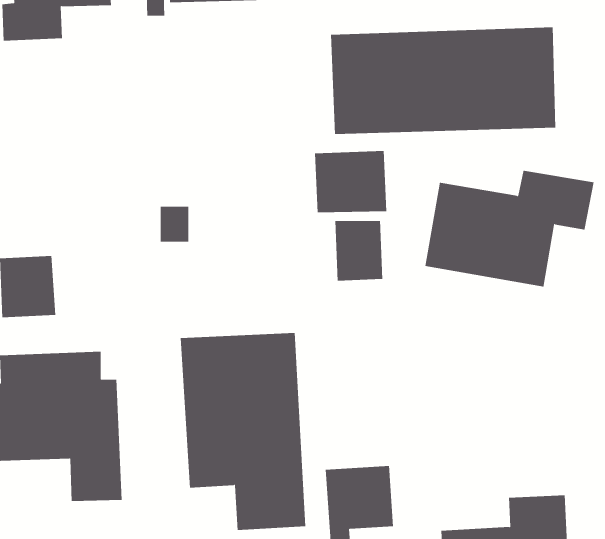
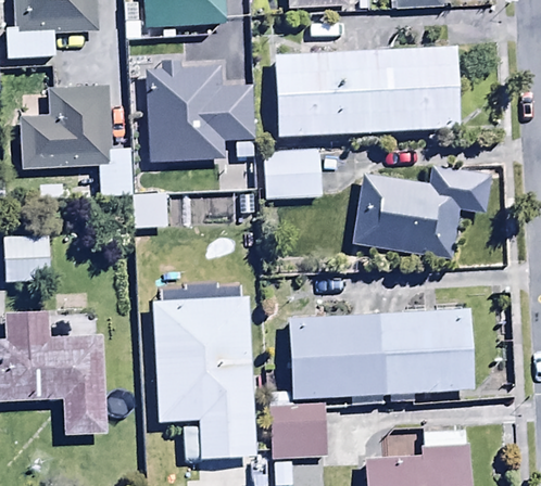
building: none -> [147,61,254,162]
building: none -> [22,86,134,195]
building: [335,220,383,281] -> none
building: none -> [289,308,475,401]

